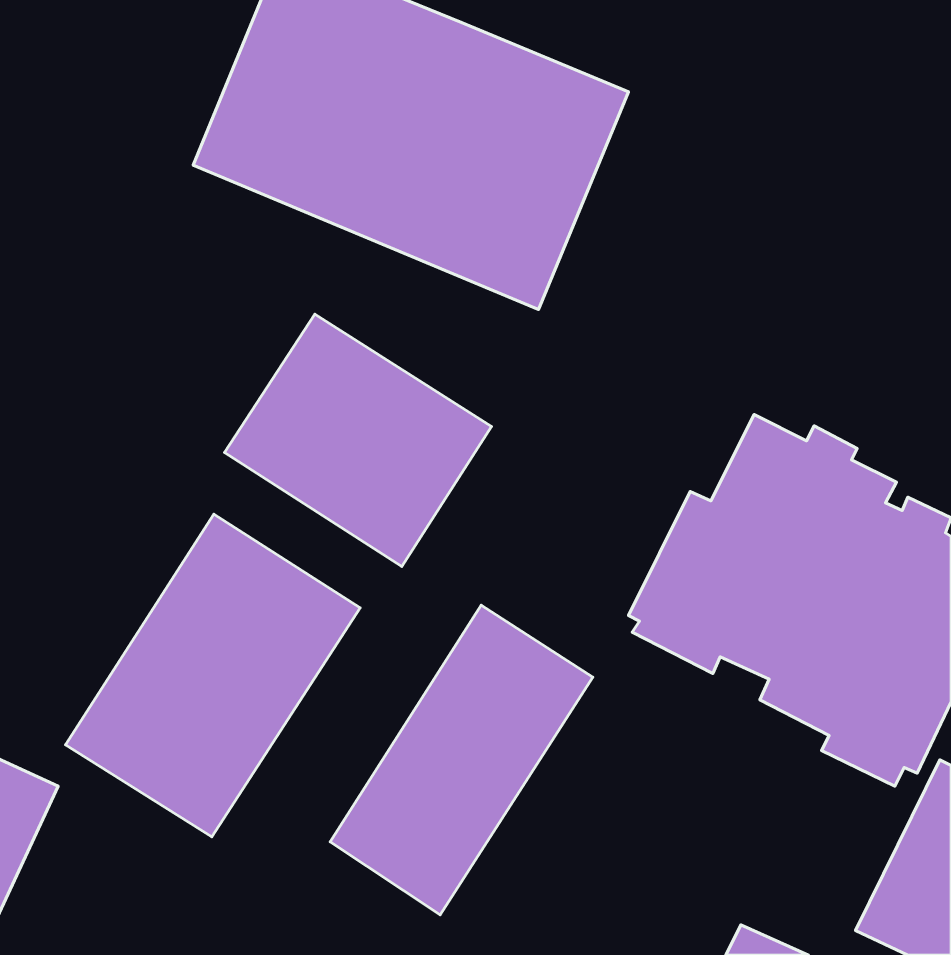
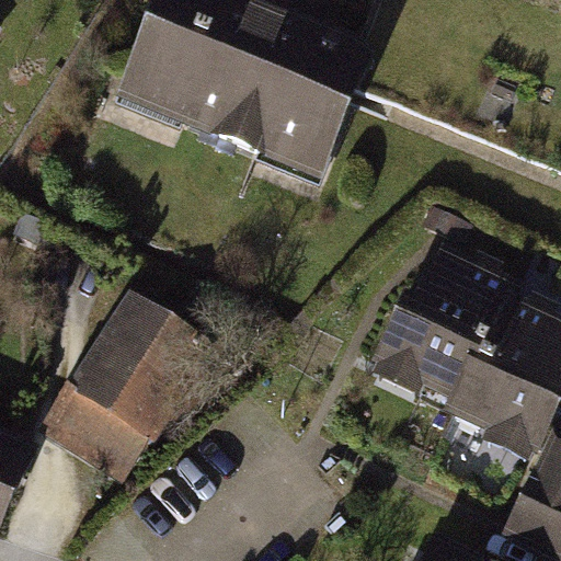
building: [224,314,492,566] -> none
building: [330,605,593,915] -> none

